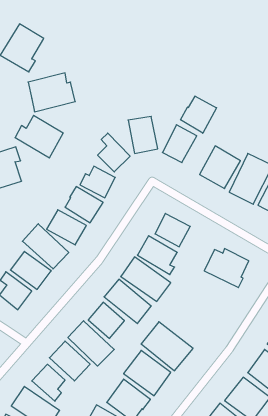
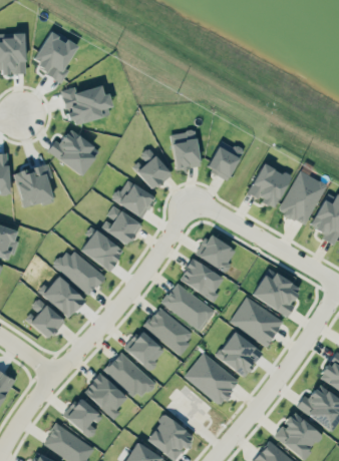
building: [181,96,217,133] -> none
building: none -> [230,297,284,347]
building: none -> [216,332,263,377]

